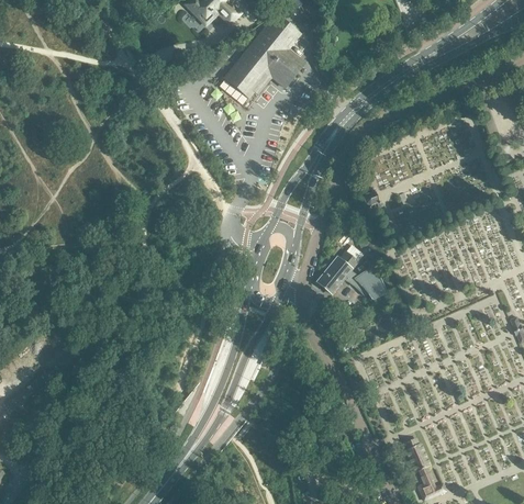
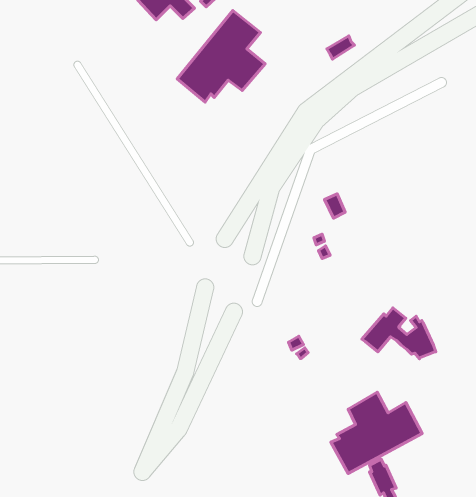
building: [314,251,384,300] -> [362,308,436,359]
building: none -> [331,392,422,473]

